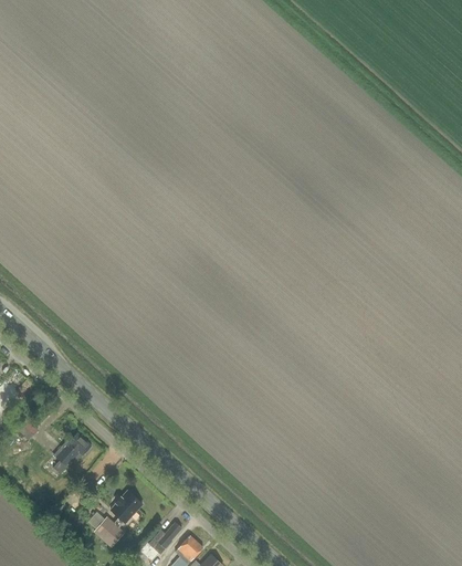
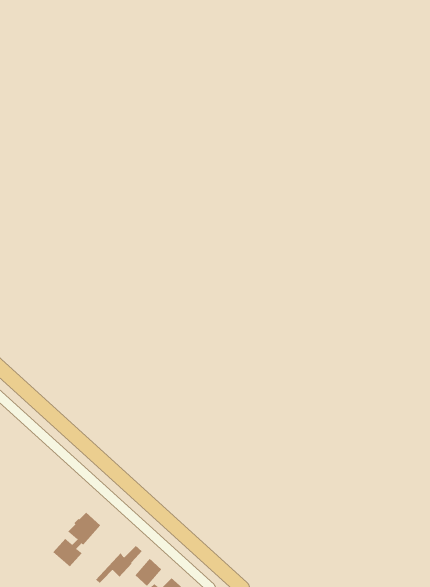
building: [54,432,92,474] -> none

